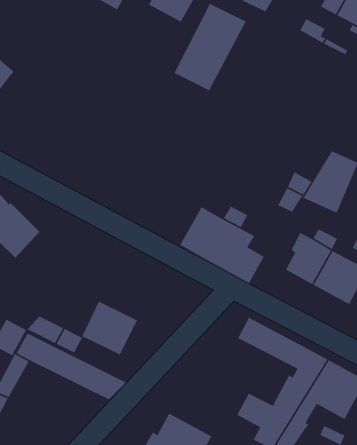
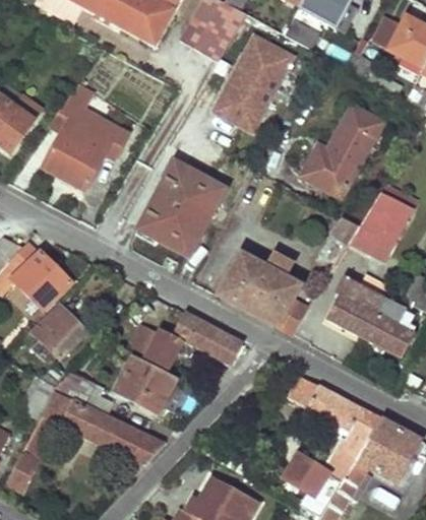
building: none -> [42,86,129,190]
building: none -> [303,106,385,197]
building: none -> [138,162,227,259]
building: none -> [35,304,88,363]
building: none -> [128,312,245,371]

